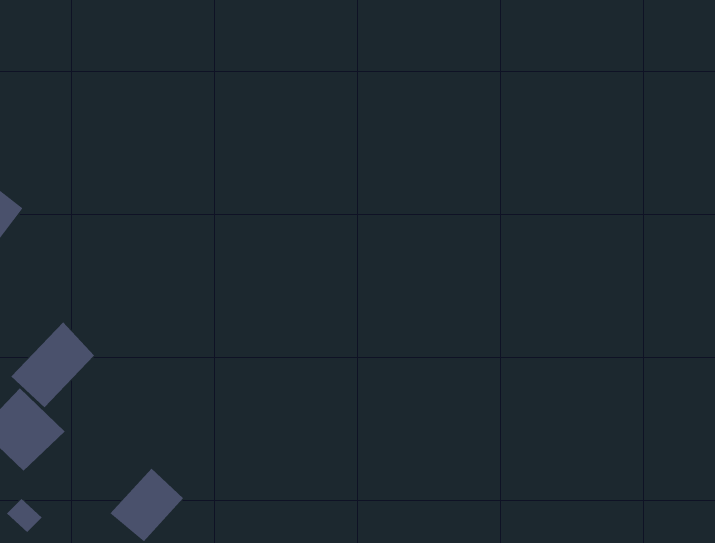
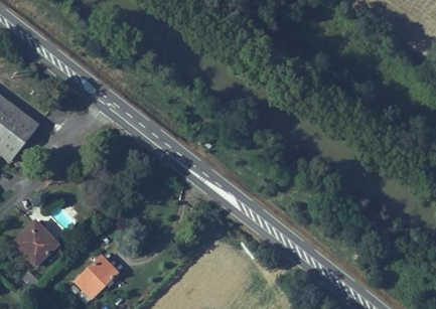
building: [11,322,95,408] -> none

